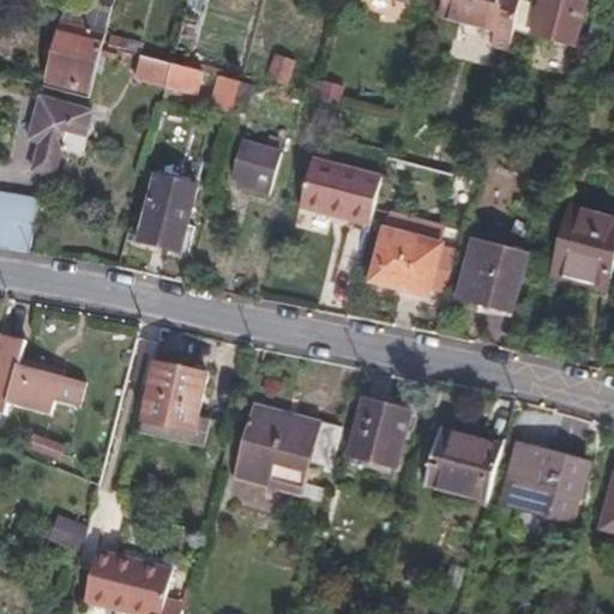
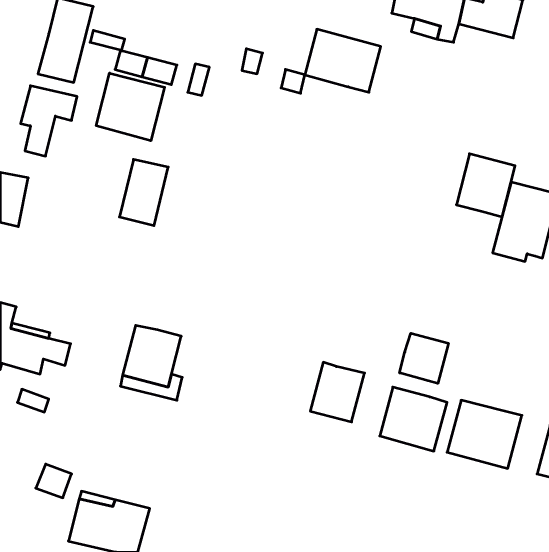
building: none -> [96,73,165,141]
building: [233,140,278,188] -> none
building: [296,154,380,223] -> [305,29,381,92]
building: [366,225,449,291] -> none
building: [457,239,522,308] -> [456,154,515,217]
building: none -> [400,333,448,383]
building: [231,409,337,492] -> none

